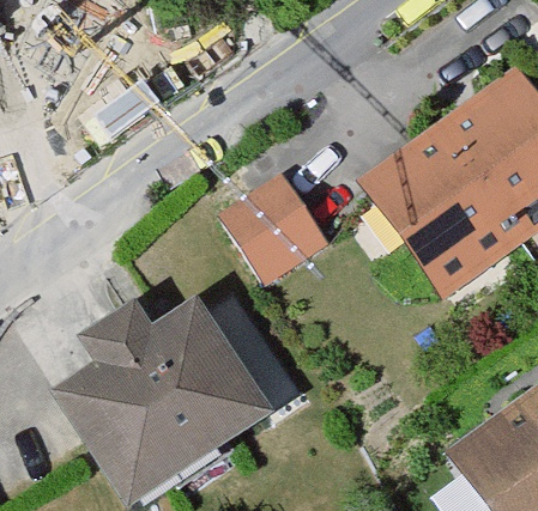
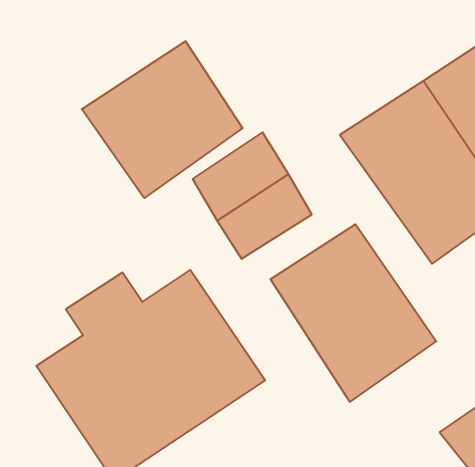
building: none -> [82,41,243,198]
building: none -> [271,224,436,402]

